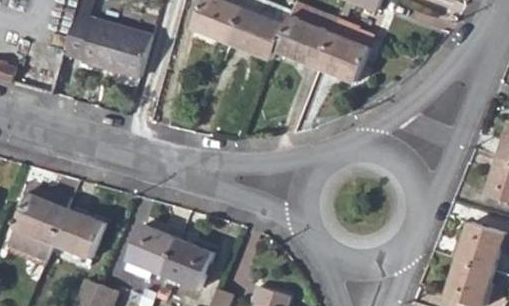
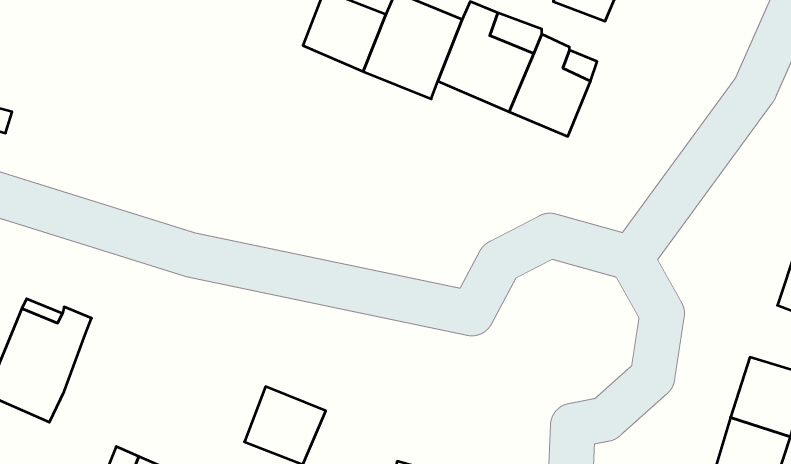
building: [64,13,153,77] -> none
building: [49,207,101,257] -> none
building: [122,225,173,281] -> none

